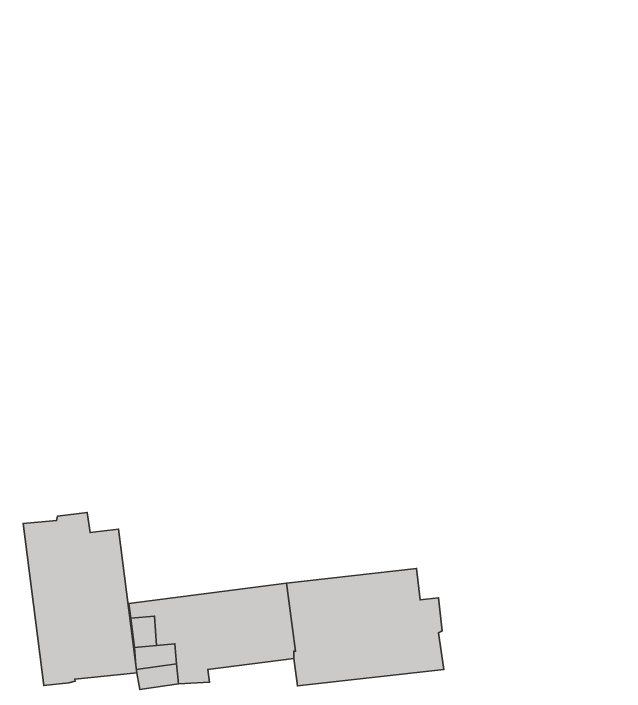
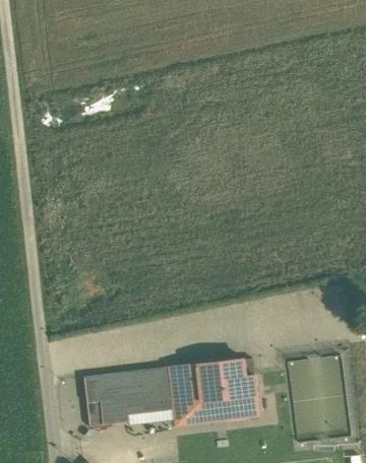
building: [23,512,137,685] -> none

